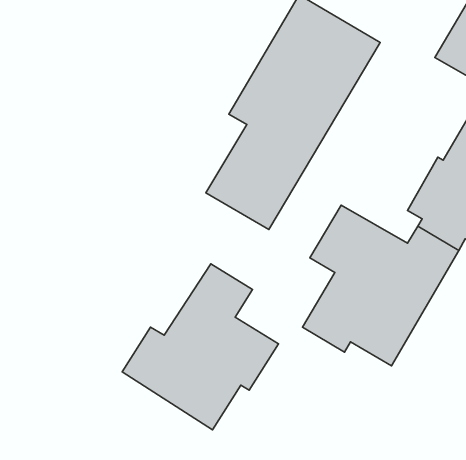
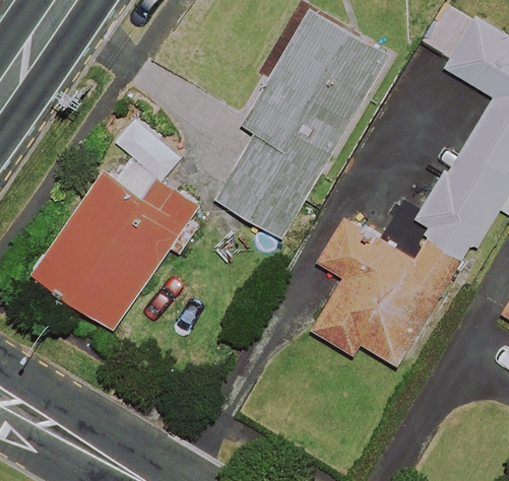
building: none -> [37,152,202,329]
building: [122,264,278,430] -> none

